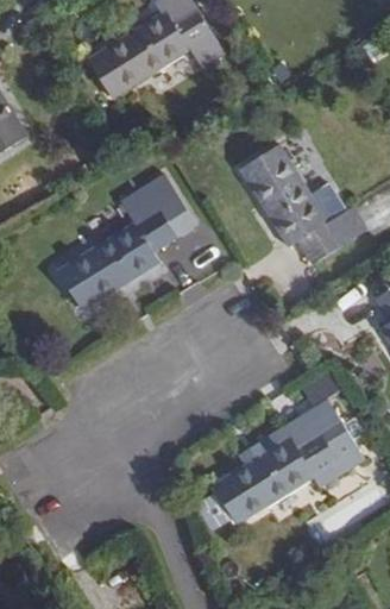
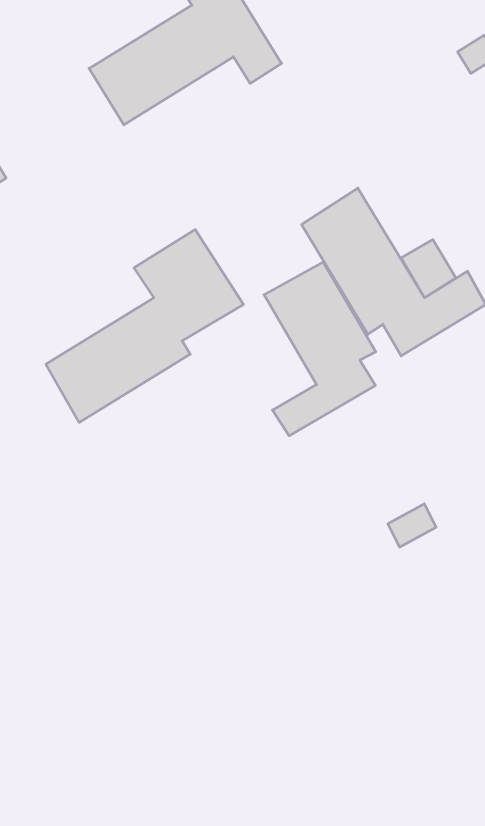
building: none -> [264,262,376,436]
building: [210,410,364,526] -> none

